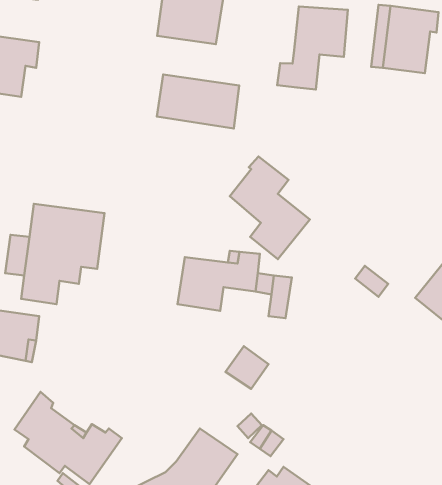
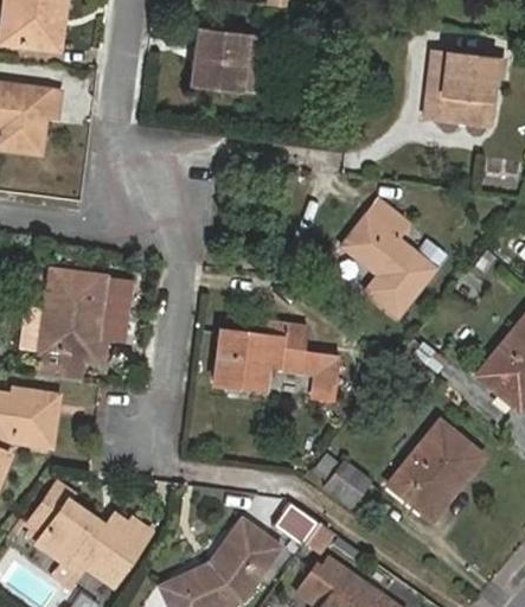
building: [277,6,348,90] -> none
building: [157,74,239,129] -> none
building: [230,156,310,259] -> [344,203,433,317]
building: none -> [388,423,481,519]
building: [226,346,268,389] -> [322,459,370,506]

